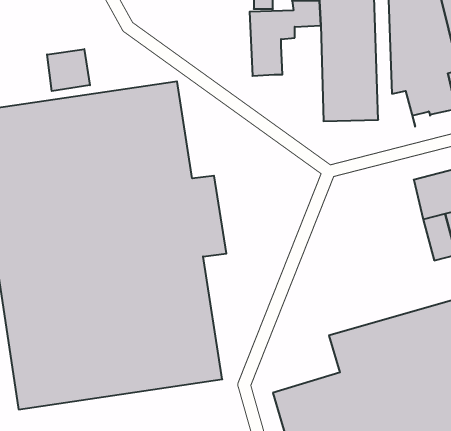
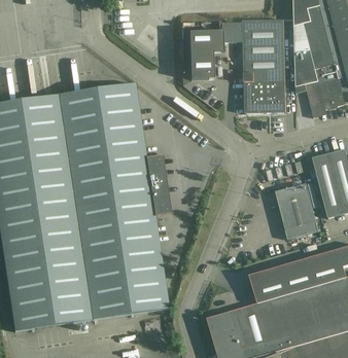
building: [47,49,90,91] -> none
building: none -> [276,183,319,240]

